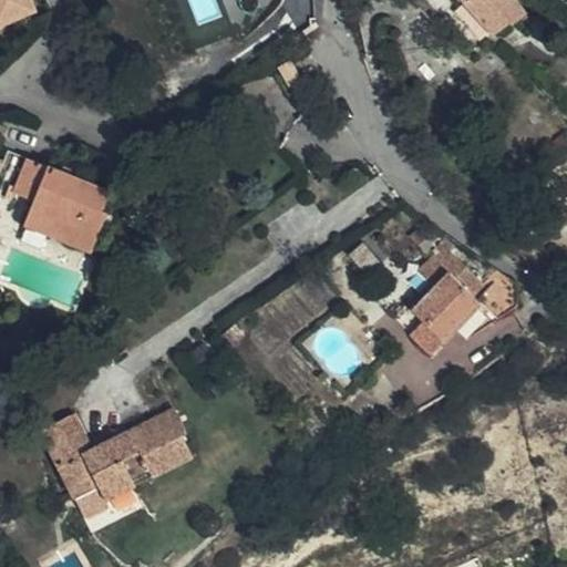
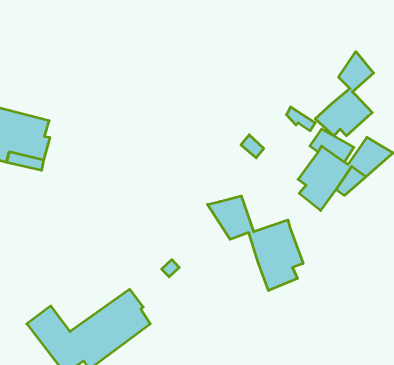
building: none -> [315,52,374,136]
building: none -> [207,196,303,291]

